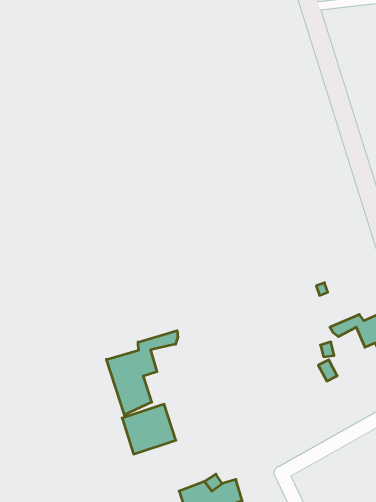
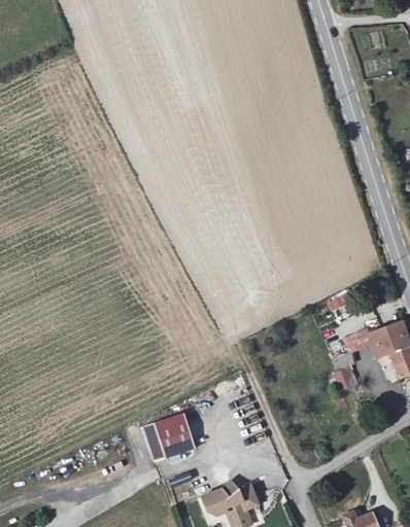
building: [106,331,178,415] -> none

